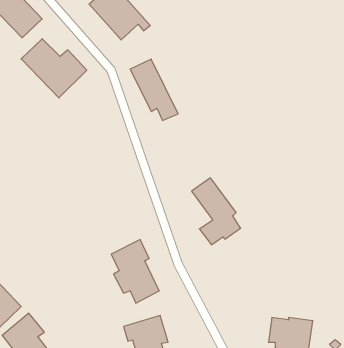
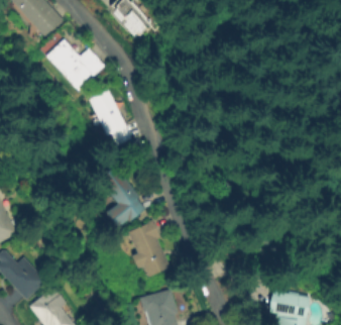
building: [130,59,178,120] -> [88,90,131,145]
building: [192,178,241,245] -> [100,166,144,226]

